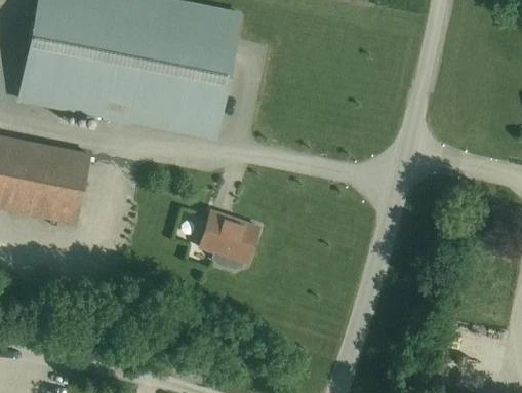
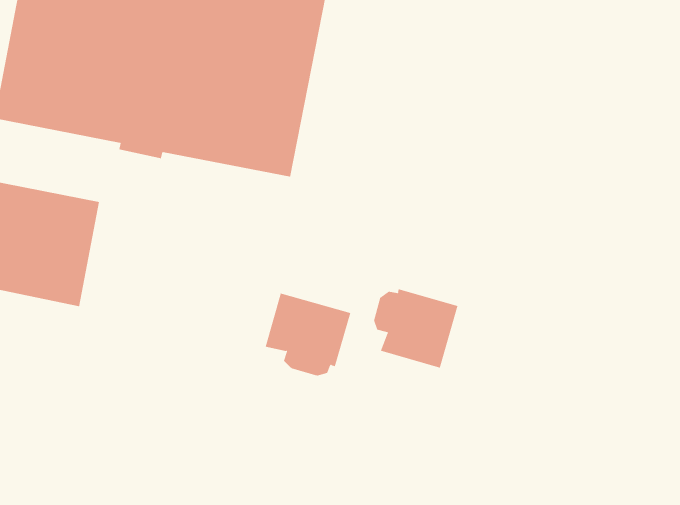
building: none -> [373,288,458,368]

